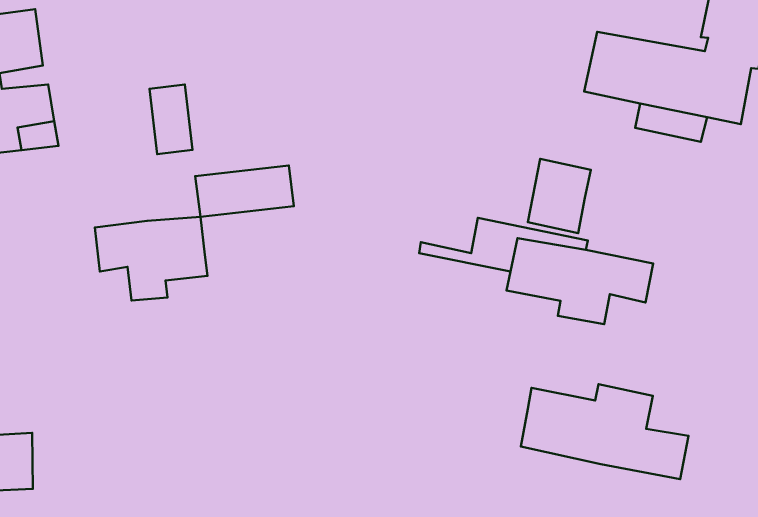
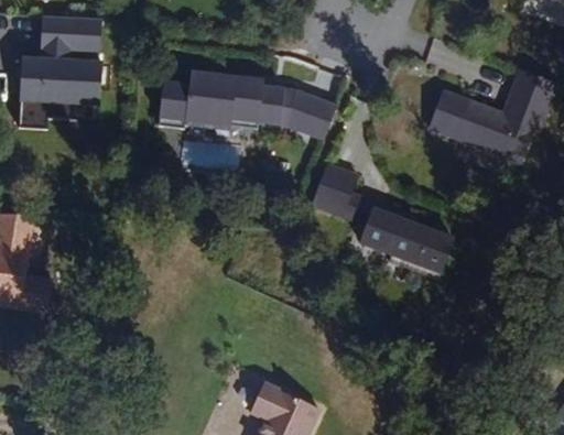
building: none -> [187,76,343,144]
building: [528,159,591,233] -> [312,164,356,214]
building: [95,217,208,300] -> none
building: [521,384,689,479] -> none

